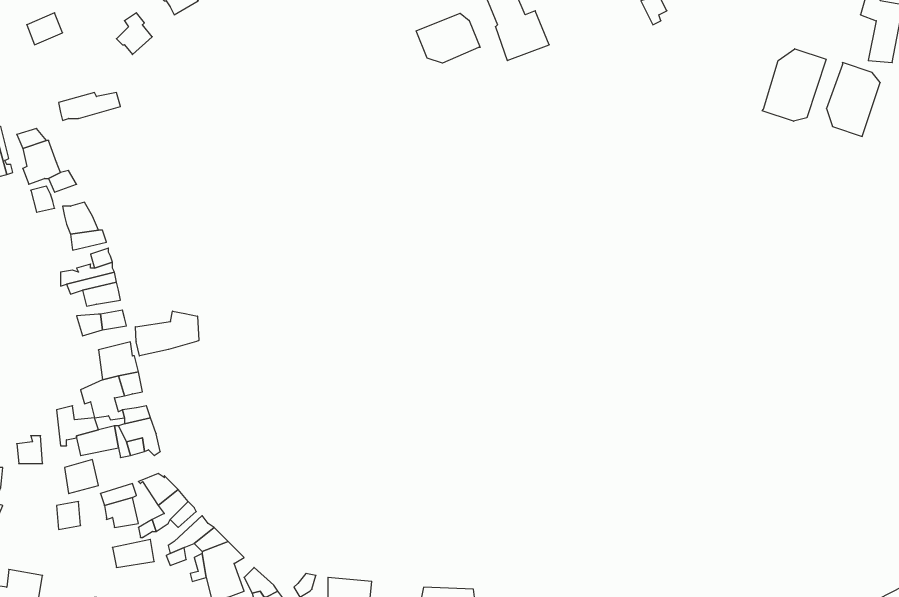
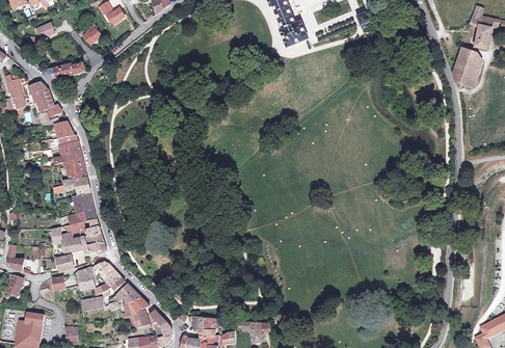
building: [416,13,480,63] -> none
building: [762,49,826,121] -> none
building: [135,311,199,356] -> none

